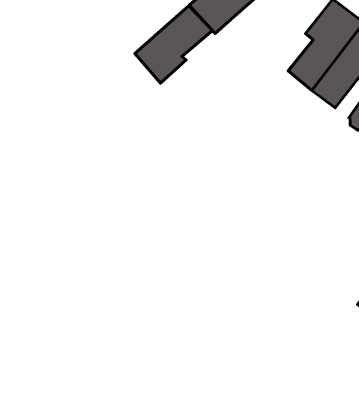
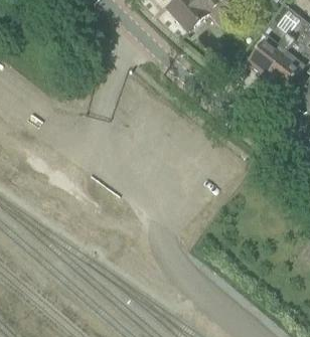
building: [135,6,212,83] -> none

